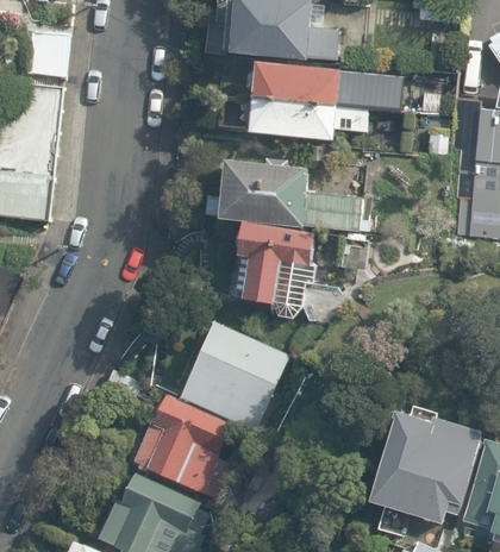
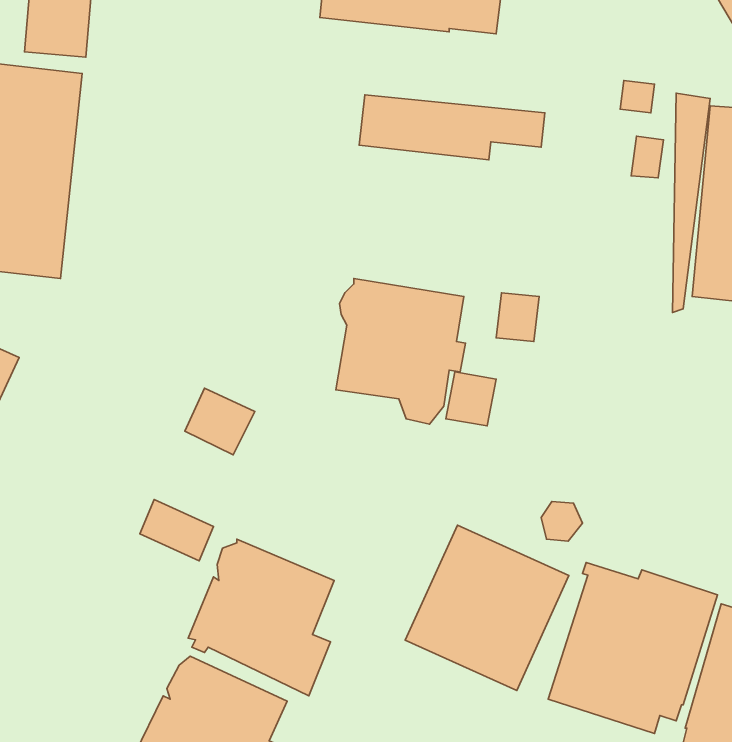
building: [246,63,400,112] -> none
building: [206,158,370,232] -> none
building: [181,321,289,431] -> [405,525,569,691]

